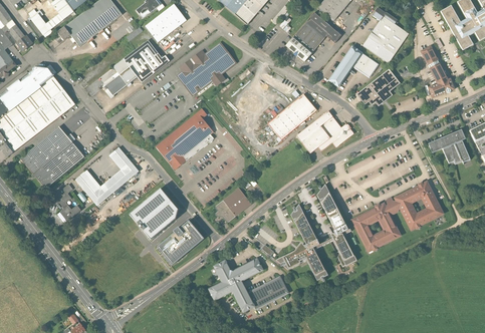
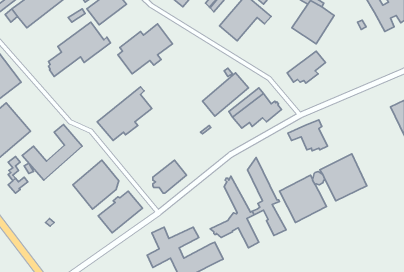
building: [421,45,454,96] -> none
building: [329,46,379,85] -> none
building: [429,130,471,163] -> [288,120,327,151]

